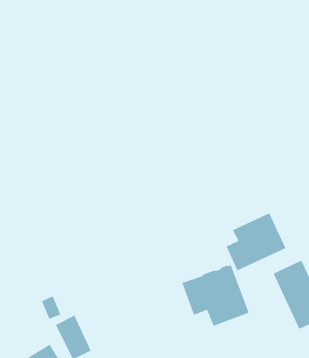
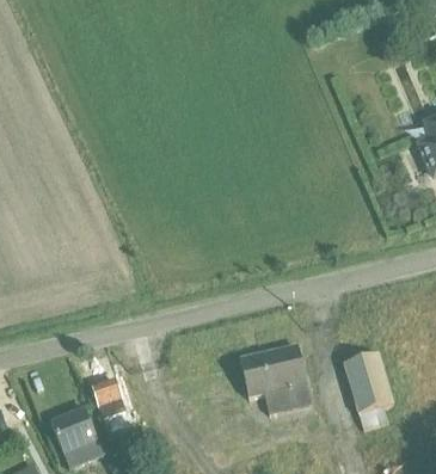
building: [226,212,286,271] -> none

